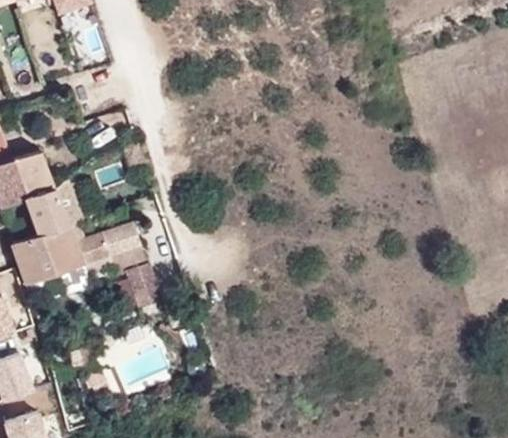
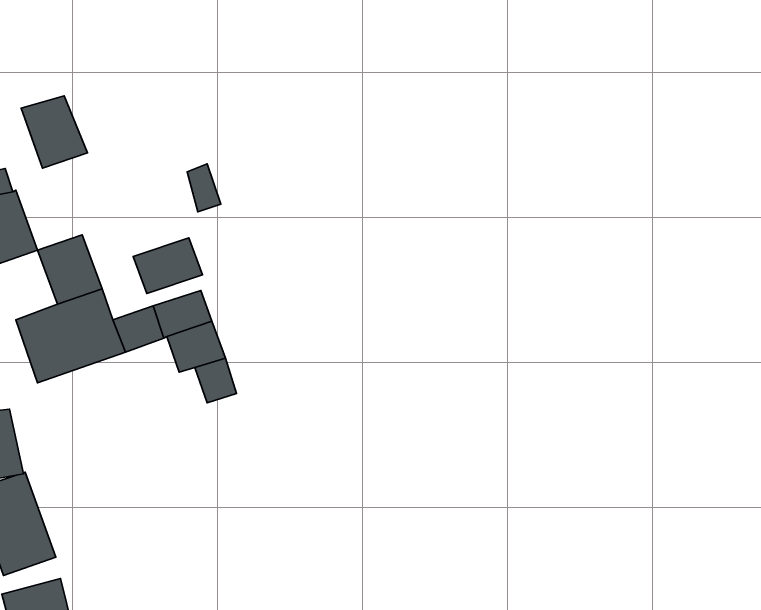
building: [12,152,55,199] -> [21,96,87,168]
building: none -> [133,238,202,293]

